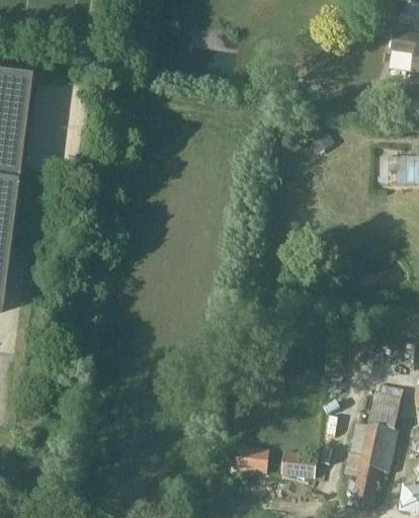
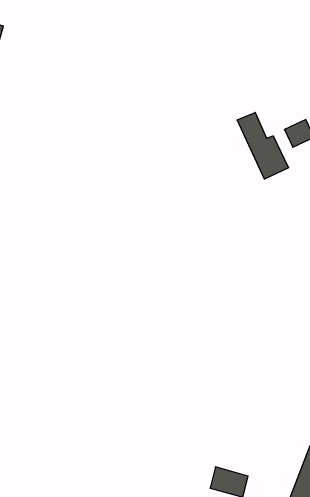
building: none -> [237,112,289,179]
building: [235,443,270,468] -> none

